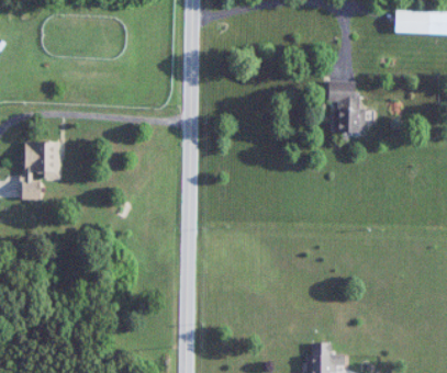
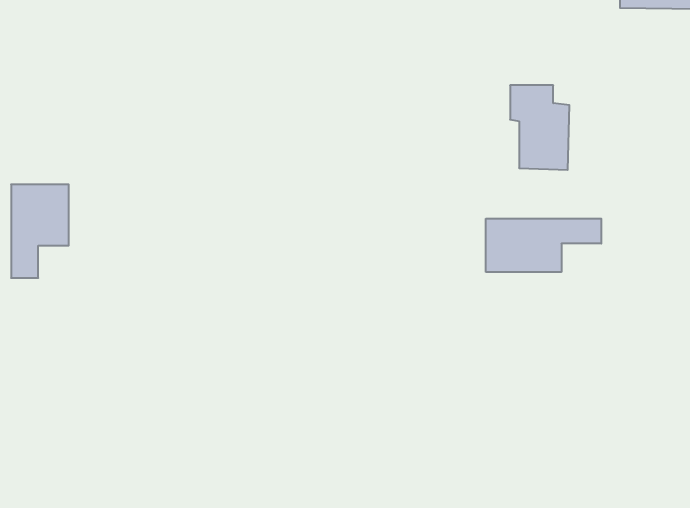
building: none -> [486,219,601,272]

